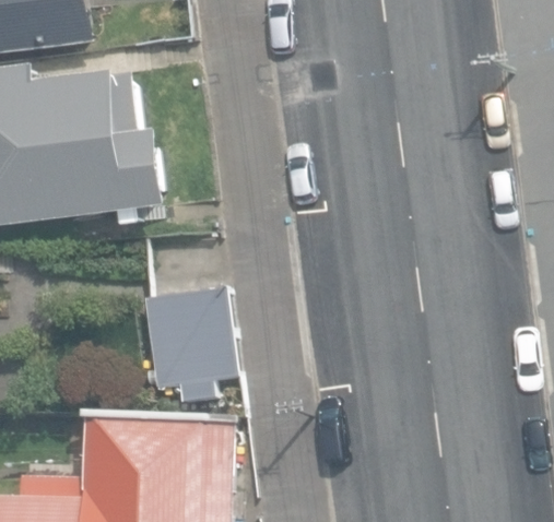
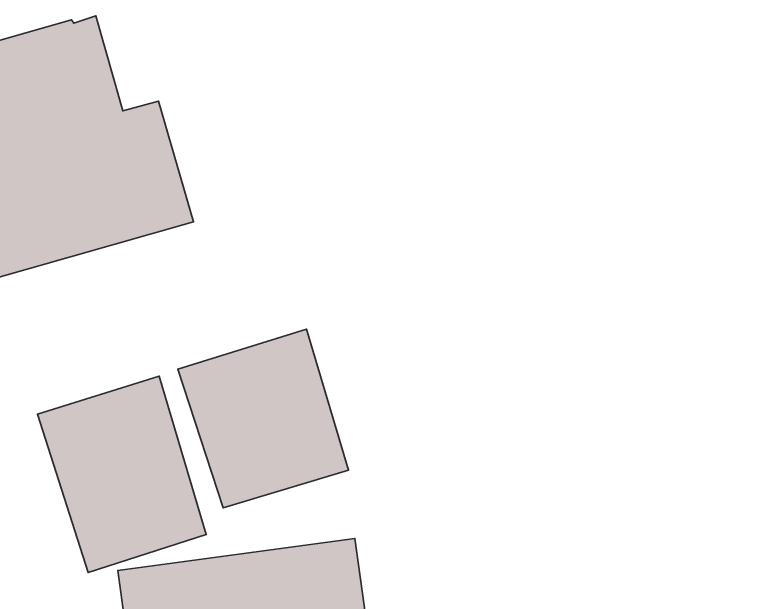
building: none -> [37,376,206,573]

